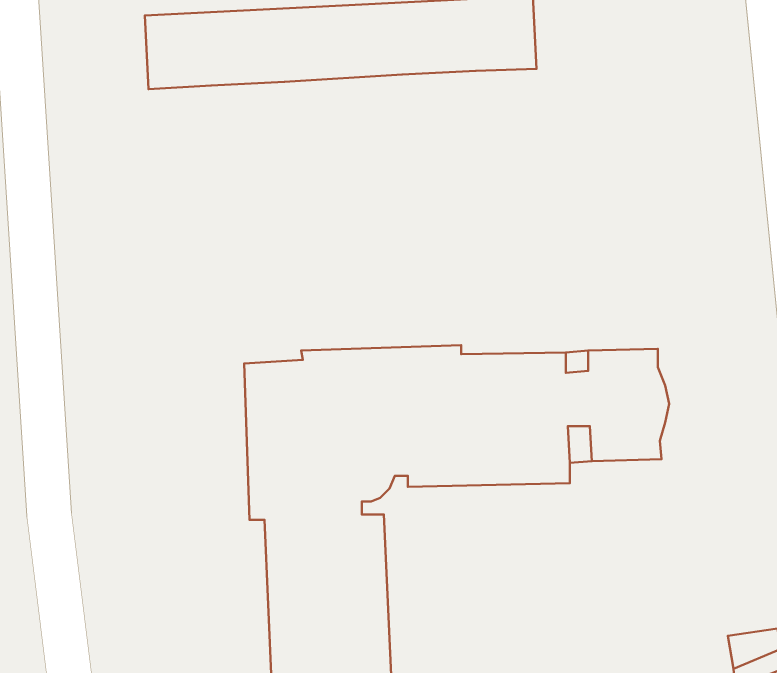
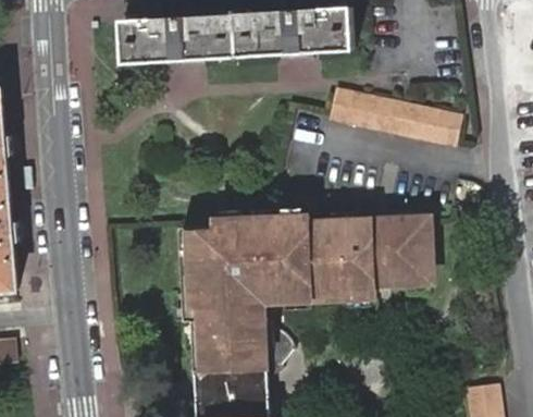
building: none -> [330,96,463,151]

